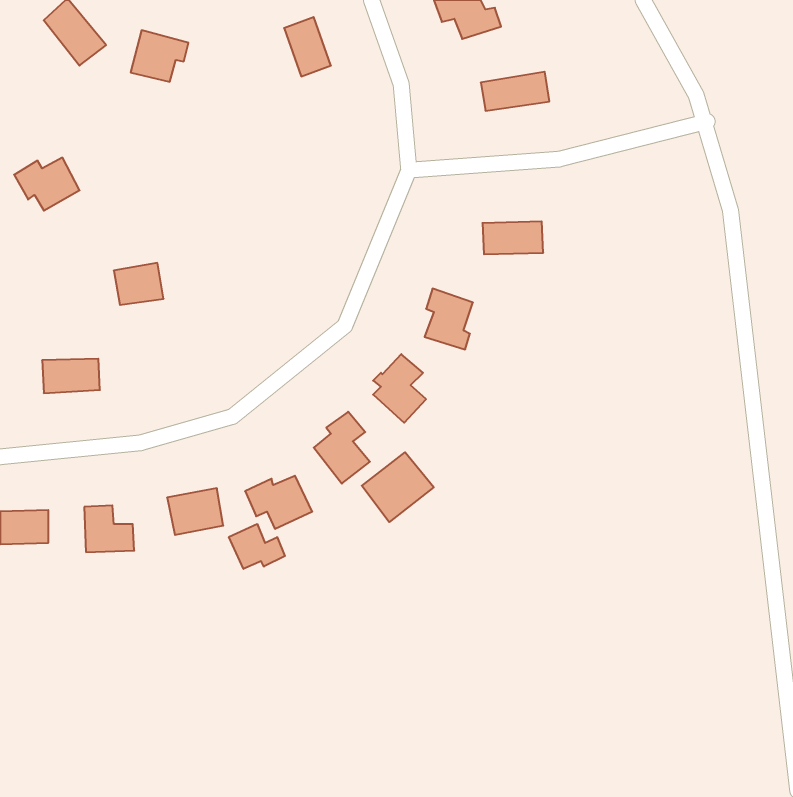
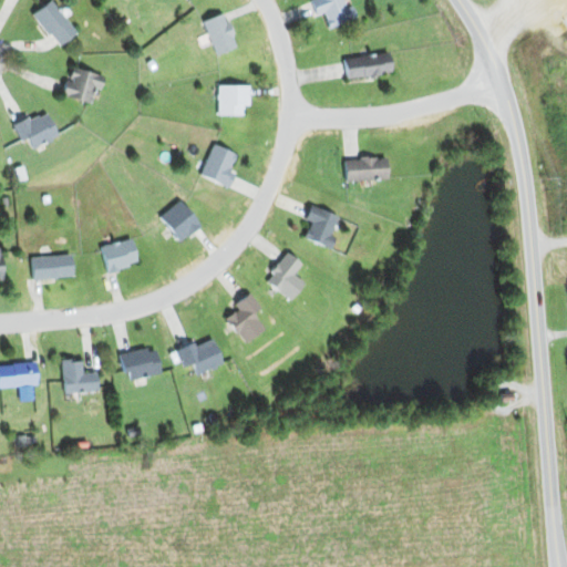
building: [131,30,188,82] -> [64,66,105,103]
building: none -> [219,85,251,115]
building: none -> [202,144,238,187]
building: [114,263,164,305] -> [103,239,138,269]
building: none -> [161,199,202,243]
building: [362,452,434,522] -> none
building: [229,524,285,569] -> none

